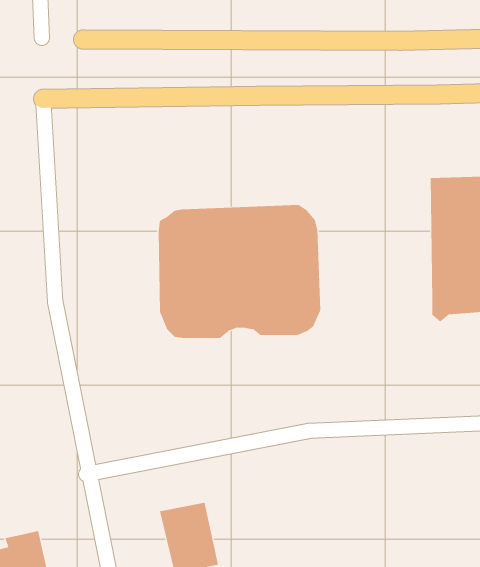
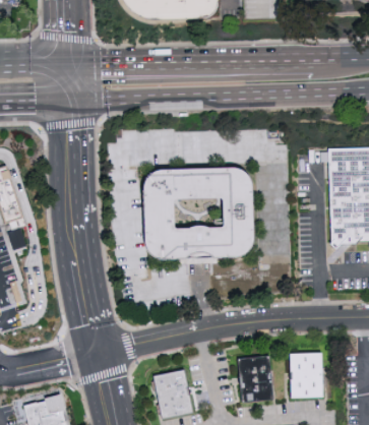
building: none -> [283,354,315,400]
building: none -> [232,357,266,405]

